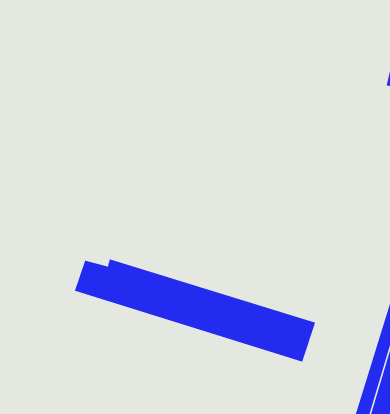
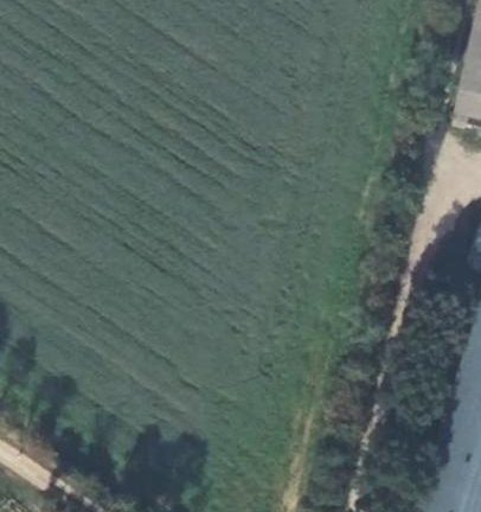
building: [74,258,316,362] -> none

